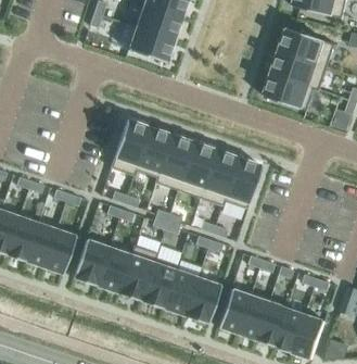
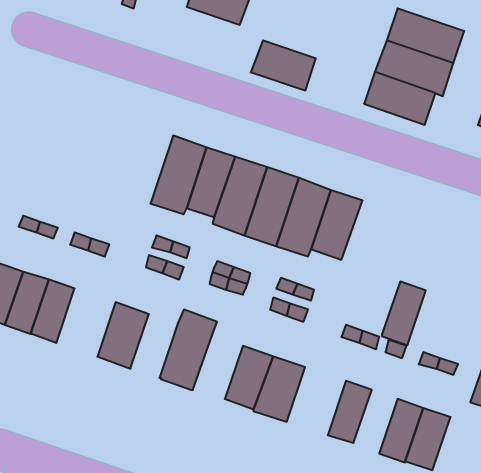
building: [127,25,174,61] -> [251,40,316,90]
building: [42,227,75,273] -> none
building: [95,246,129,291] -> none
building: [140,256,178,307] -> none
building: [217,287,250,332] -> none
building: [255,300,286,346] -> [382,282,426,345]

